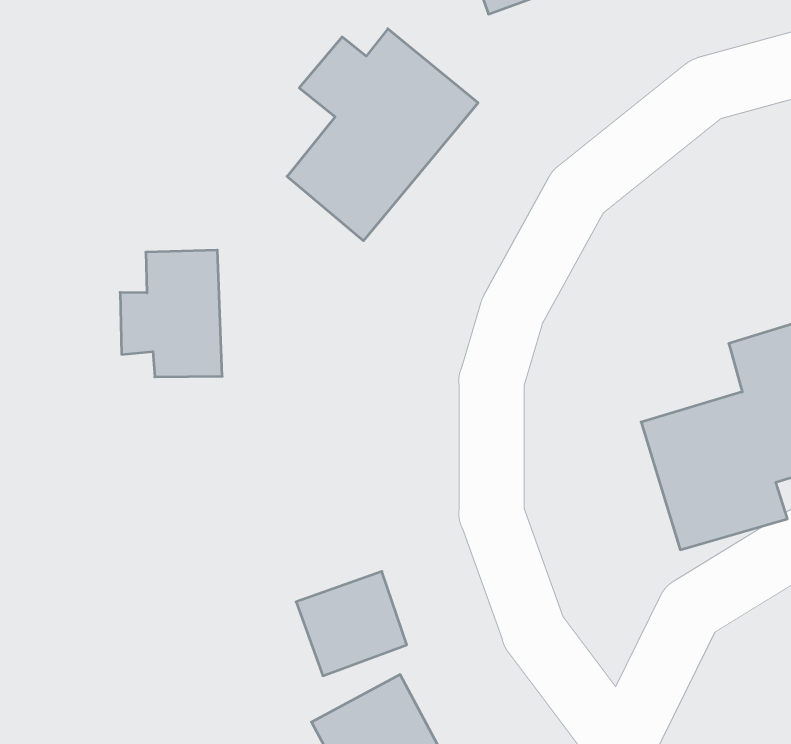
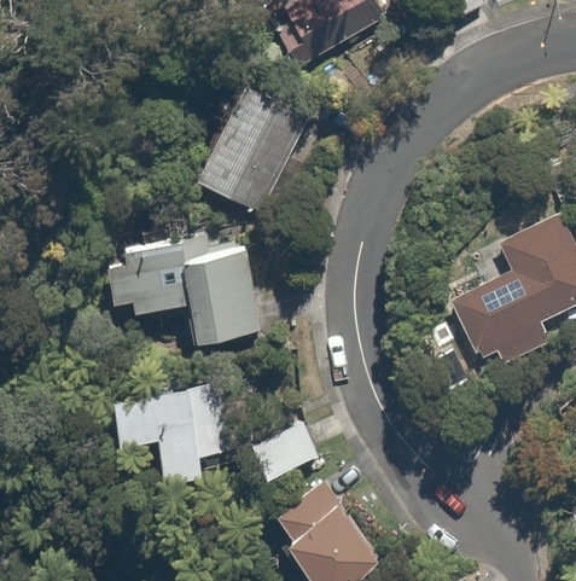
building: none -> [181,245,263,342]
building: none -> [121,383,242,496]

